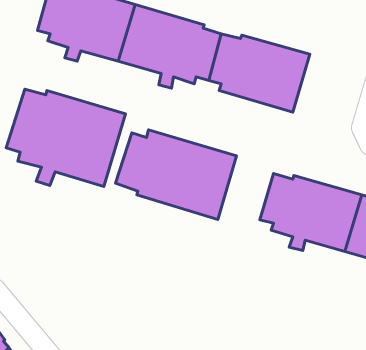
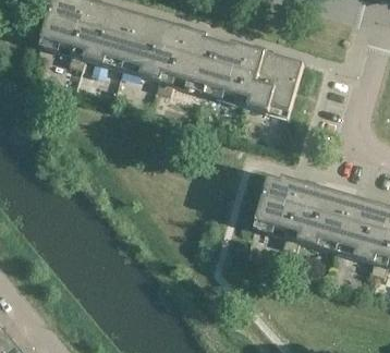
building: [6,89,125,187] -> none
building: [116,130,236,219] -> none

